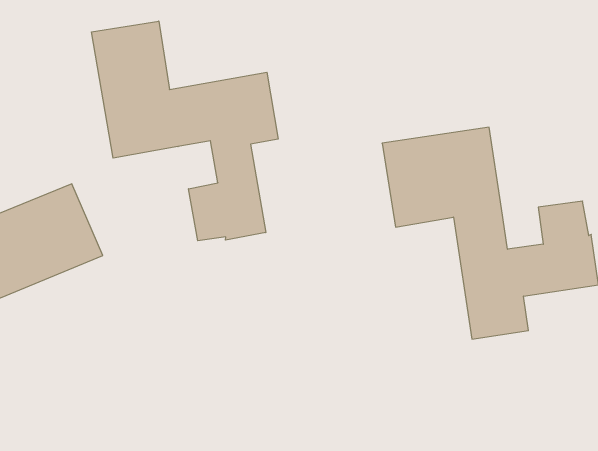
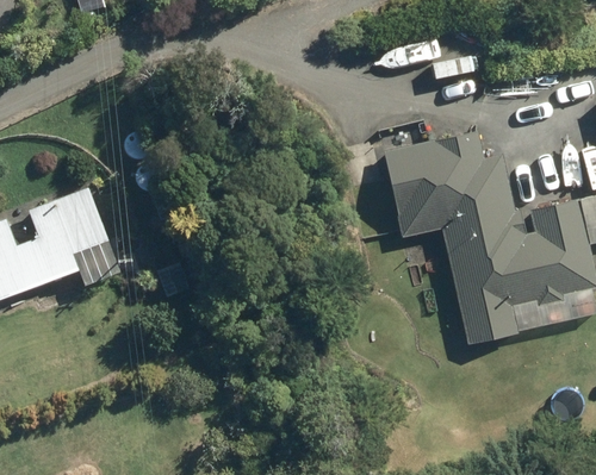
building: [92,21,278,241] -> none

